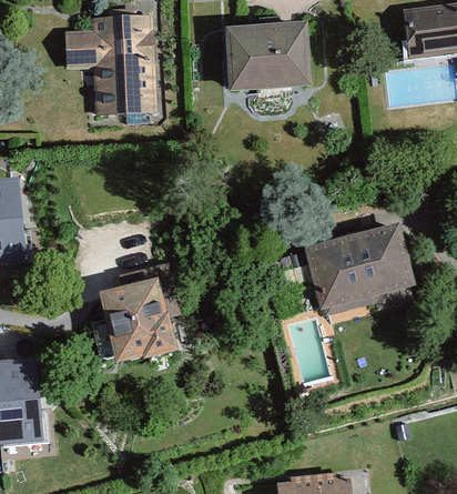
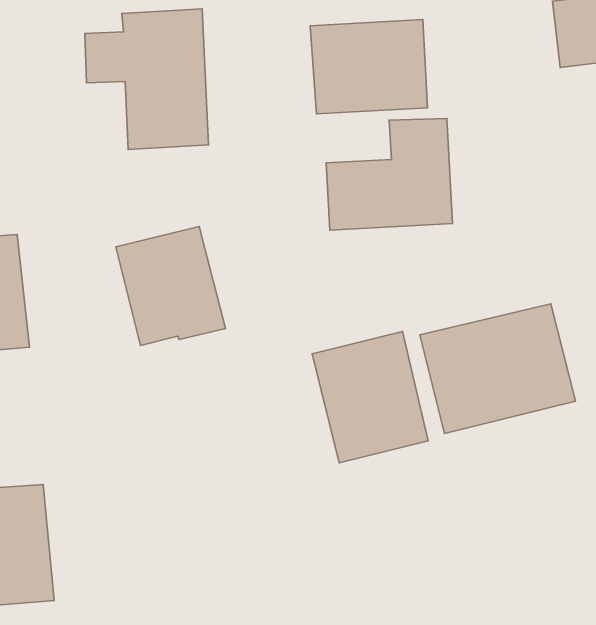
building: none -> [326,119,452,230]
building: none -> [312,331,428,463]
building: [98,275,176,361] -> [116,227,225,346]

